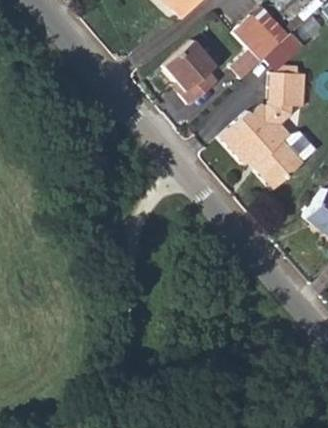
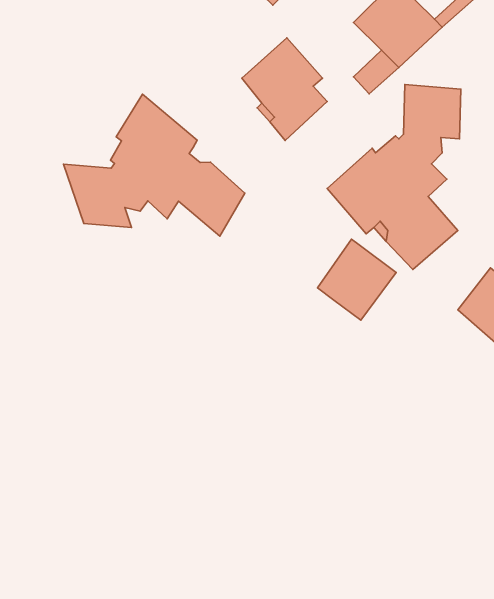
building: none -> [63,94,245,236]
building: none -> [317,239,396,320]

